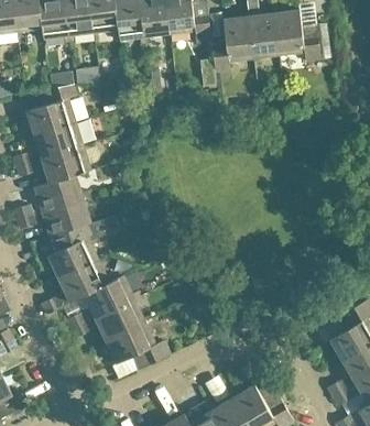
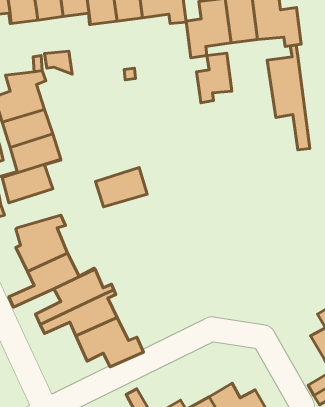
building: none -> [267,45,310,150]
building: none -> [197,53,232,103]
building: [41,198,90,236] -> [95,168,147,207]

